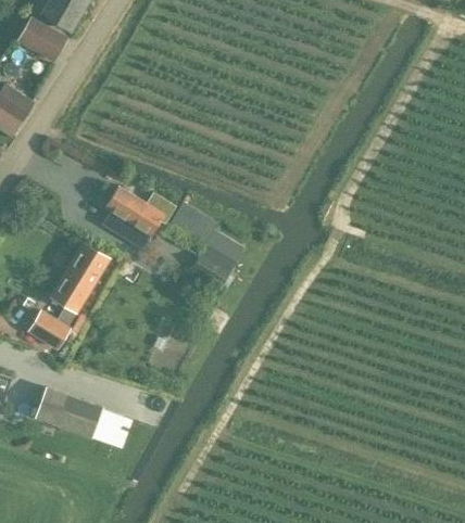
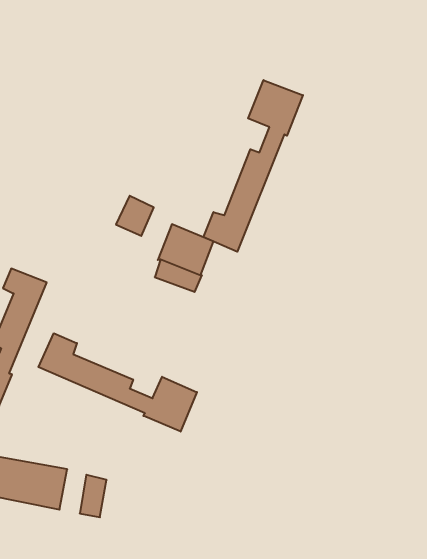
building: none -> [204,80,303,252]
building: [105,187,160,231] -> none
building: none -> [38,333,197,432]

